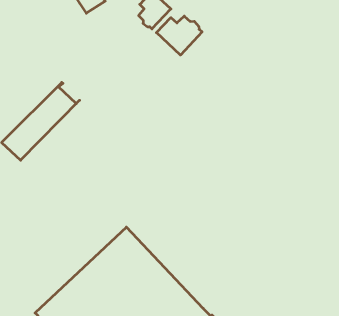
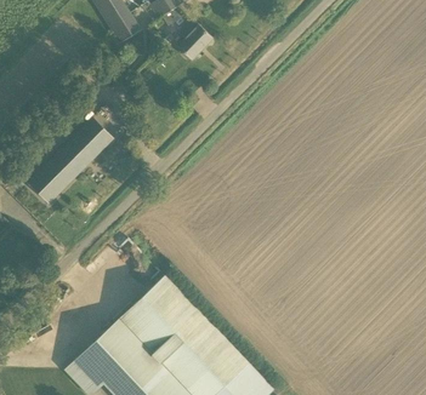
building: [156,16,202,55] -> none

